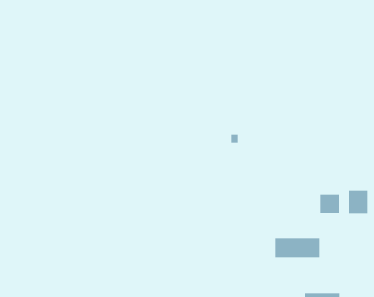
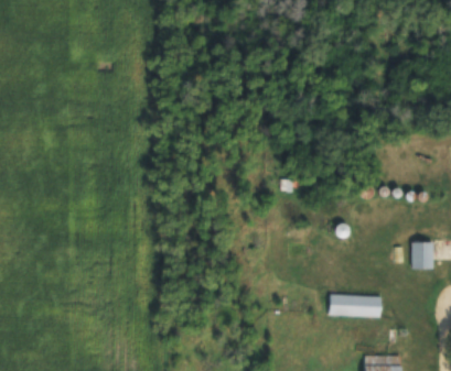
building: [320,194,339,214] -> none

